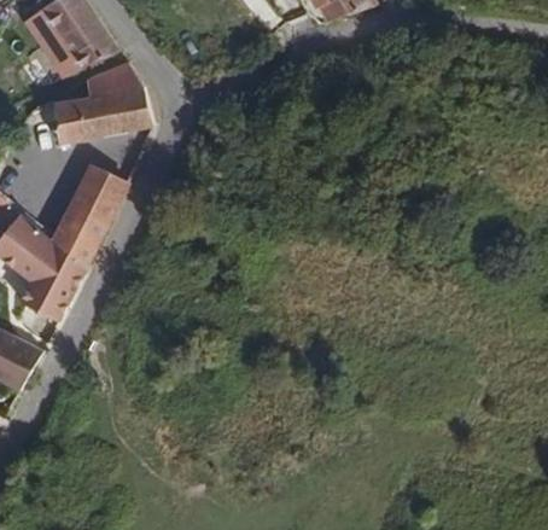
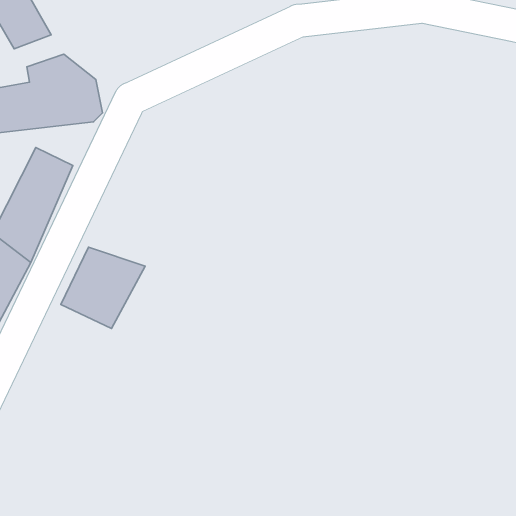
building: none -> [61,247,145,328]

